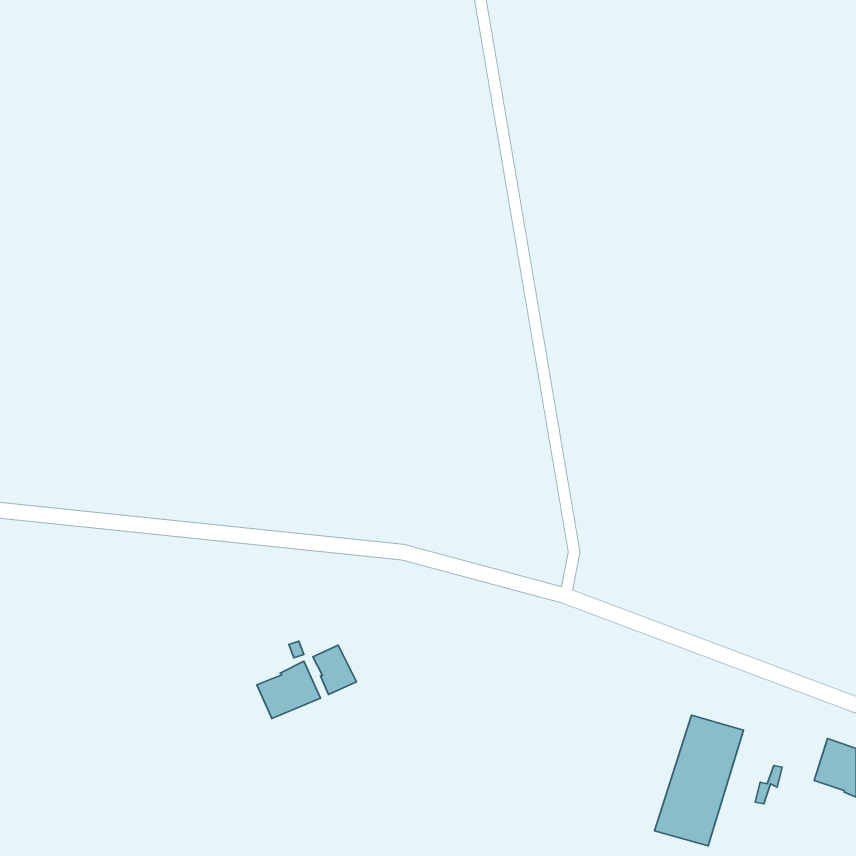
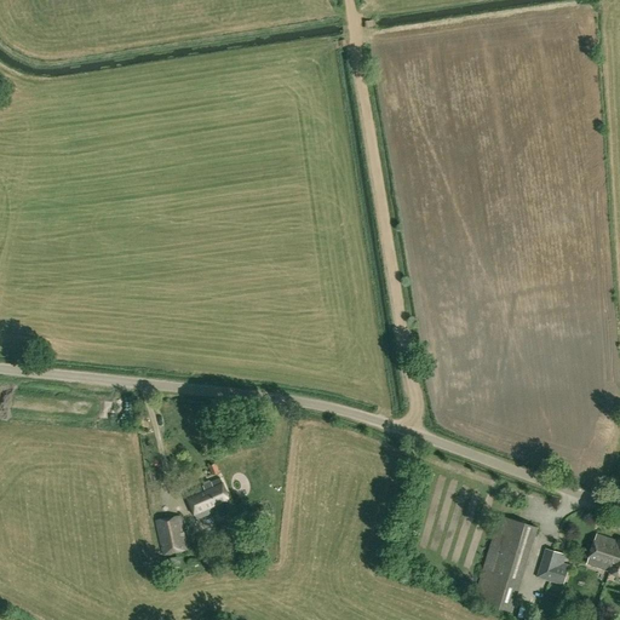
building: [313,645,356,695] -> none
building: none -> [155,516,185,555]

